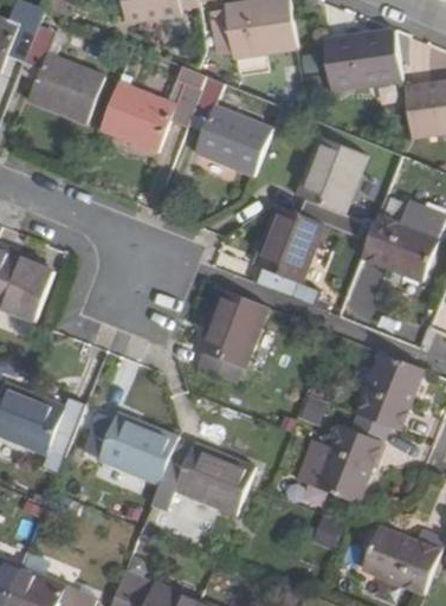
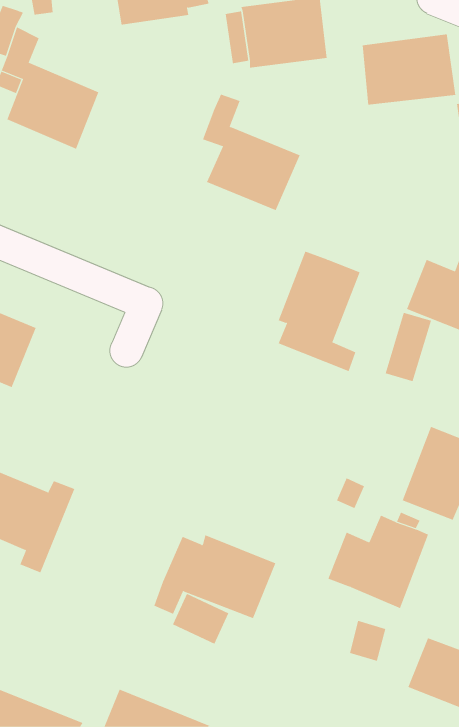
building: [101,82,201,153] -> none
building: [295,137,366,239] -> none
building: [196,290,266,386] -> none
building: [85,413,177,483] -> none

